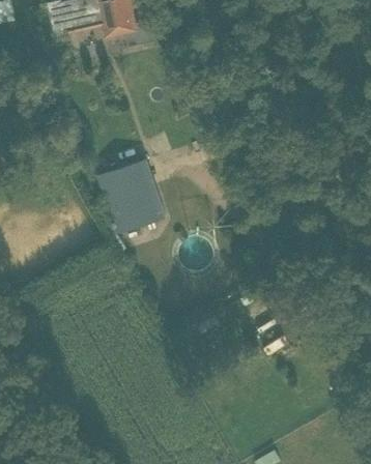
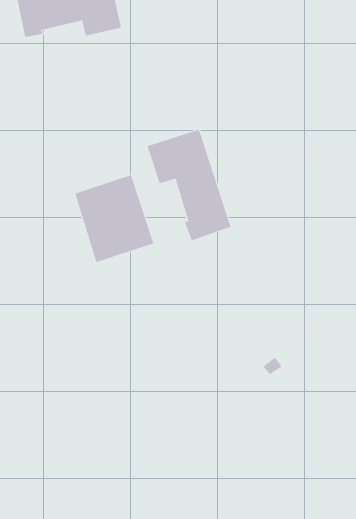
building: none -> [147,129,231,241]

